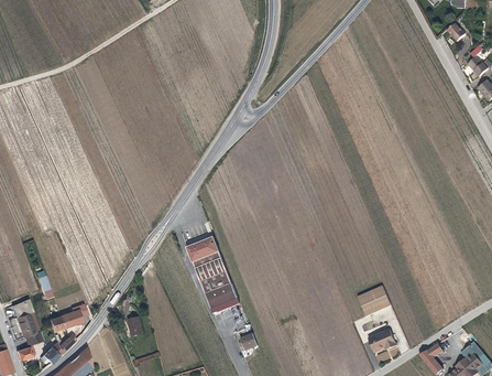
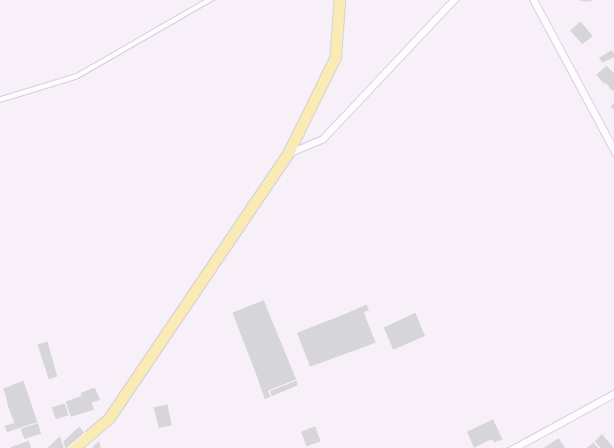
building: none -> [296,304,376,367]
building: [357,287,390,316] -> [383,312,426,351]

